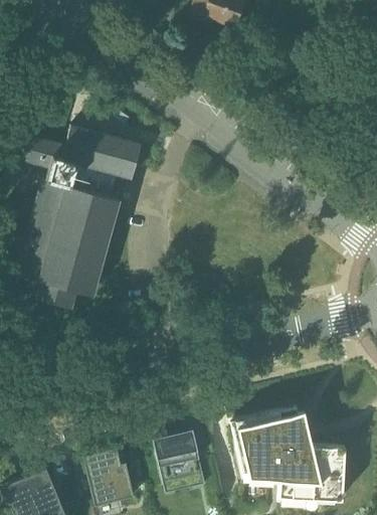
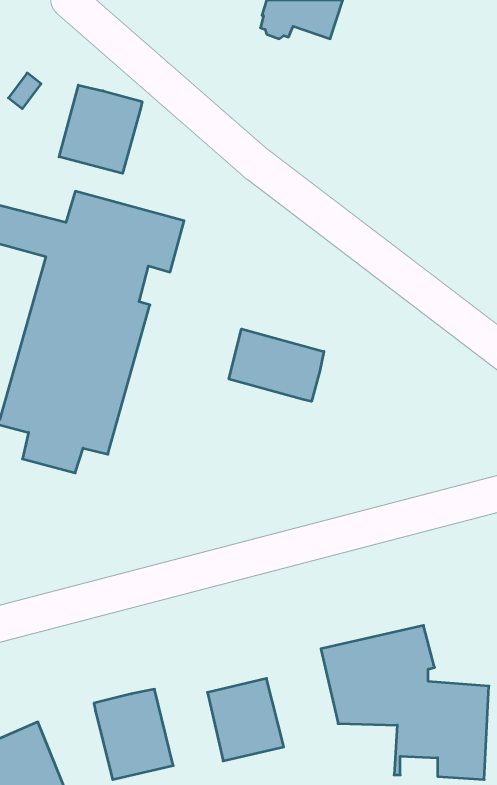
building: none -> [59,85,142,173]
building: none -> [229,329,324,401]

